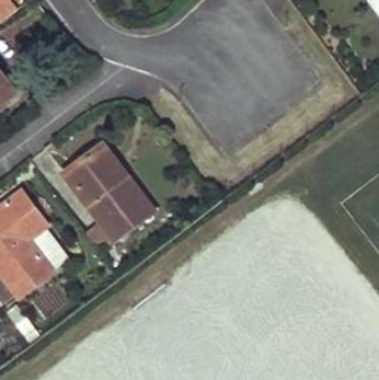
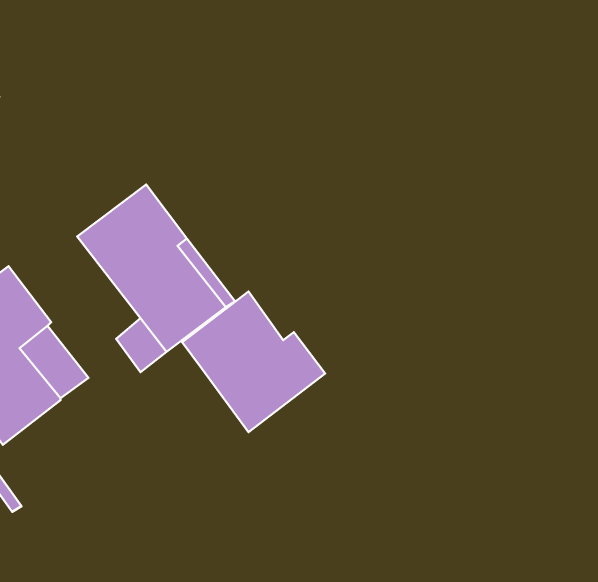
building: none -> [182,292,325,432]

